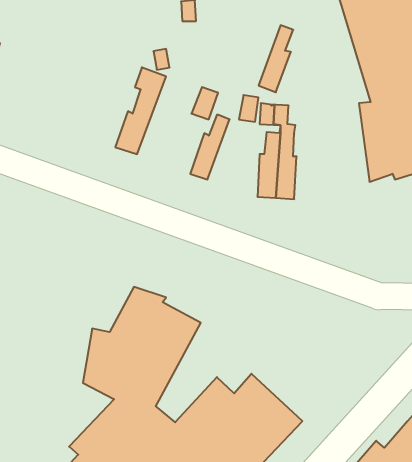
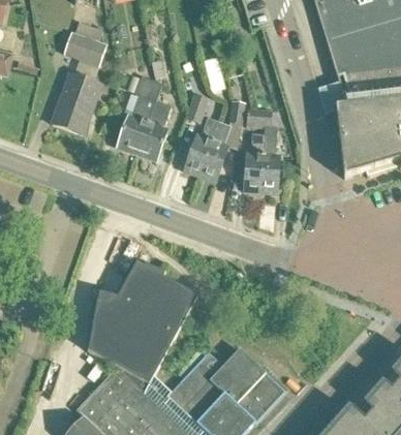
building: none -> [52,18,107,131]
building: [259,25,293,92] -> [199,119,230,179]
building: none -> [136,97,172,157]

